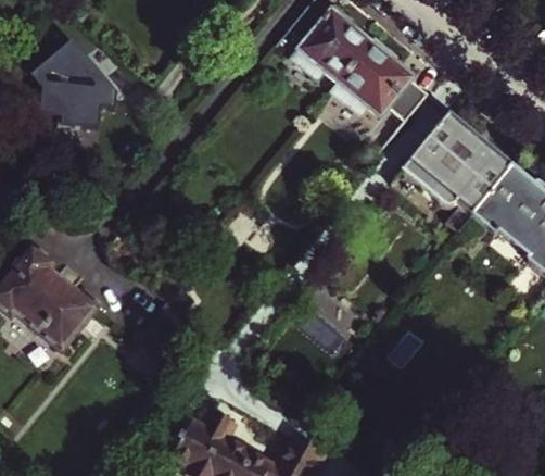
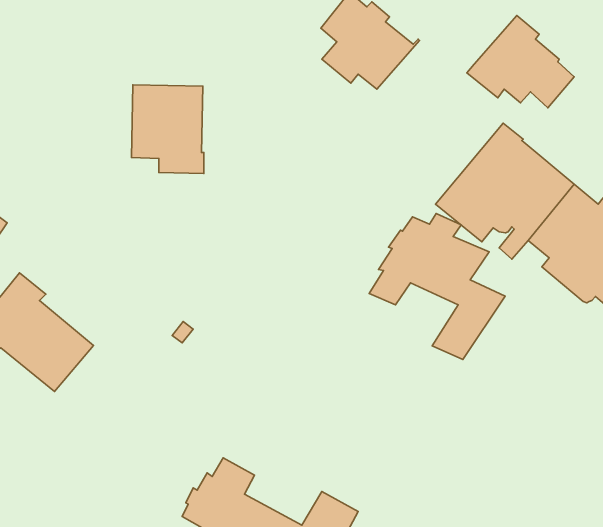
building: [337,41,430,122] -> [467,16,574,108]
building: [36,48,99,125] -> [132,85,204,174]
building: none -> [369,214,505,359]

